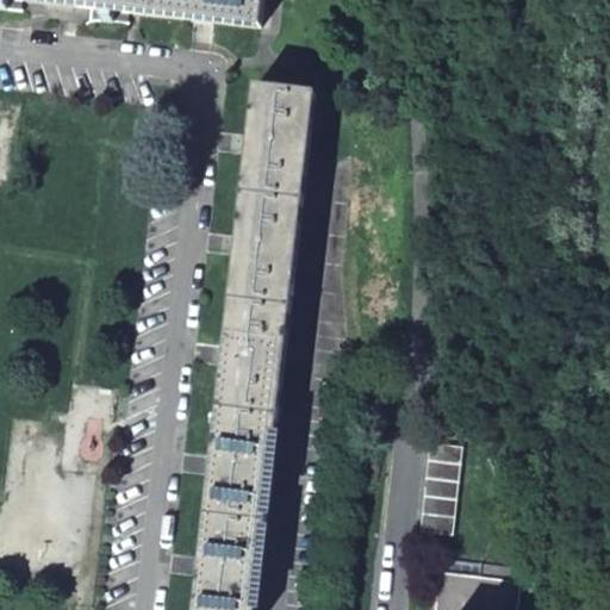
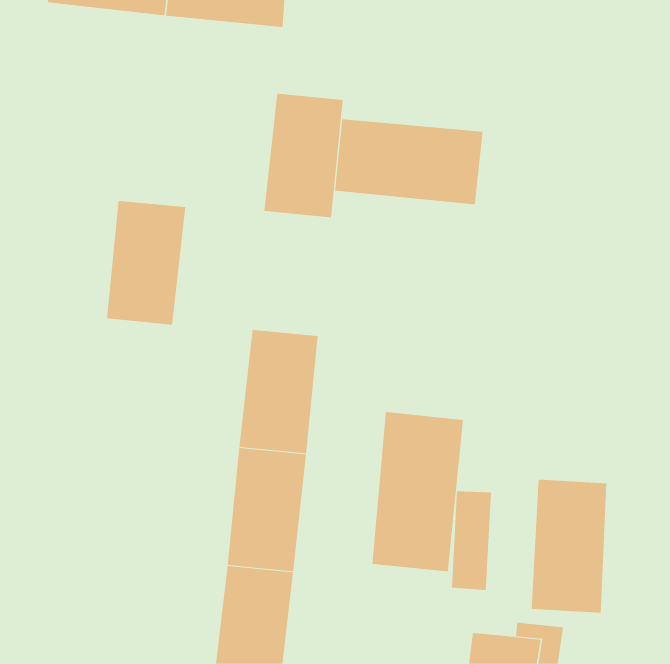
building: none -> [334,119,483,205]
building: [229,192,301,305] -> [106,200,186,325]
building: none -> [372,411,463,572]
building: none -> [531,479,607,614]

